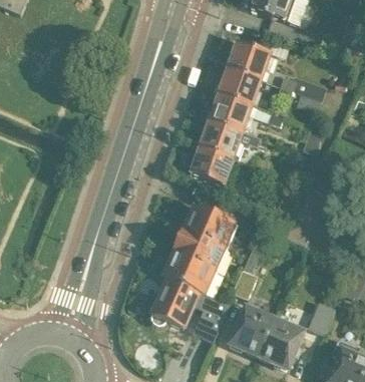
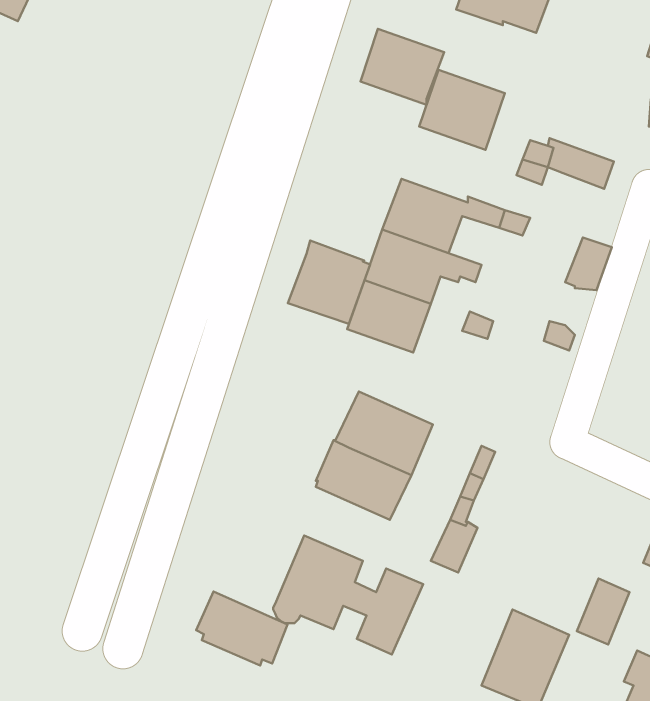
building: [218,69,261,108] -> [360,29,444,105]
building: none -> [288,241,370,324]
building: [164,255,212,293] -> [196,591,288,665]
building: [229,306,275,357] -> none

